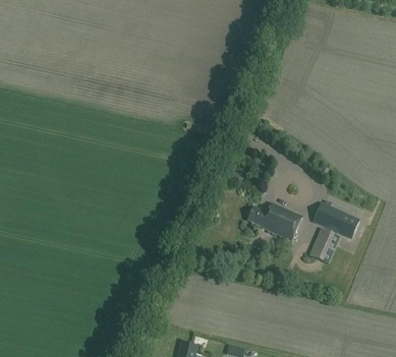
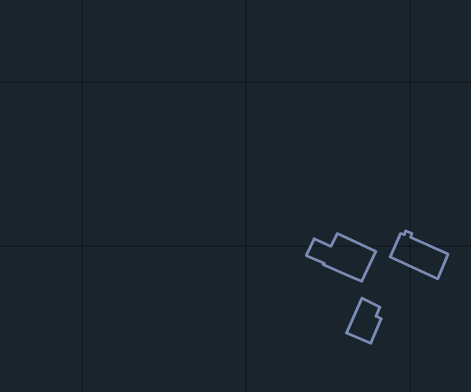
building: [309,227,337,262] -> [346,298,381,343]

